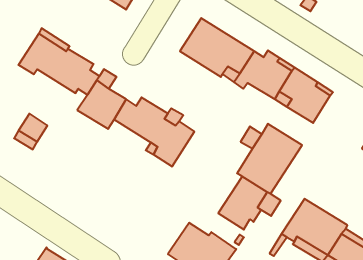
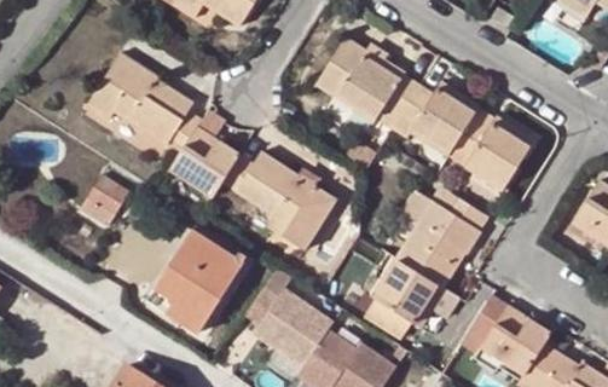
building: none -> [140,227,243,333]
building: none -> [254,288,334,366]

